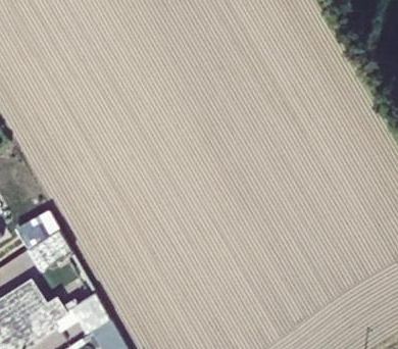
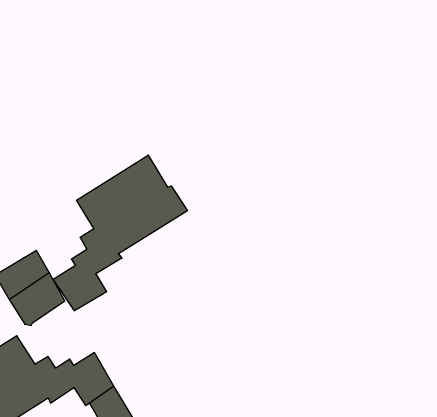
building: none -> [53,155,187,311]

